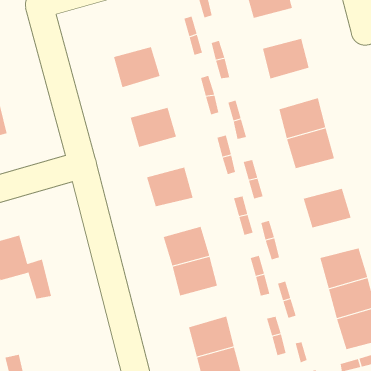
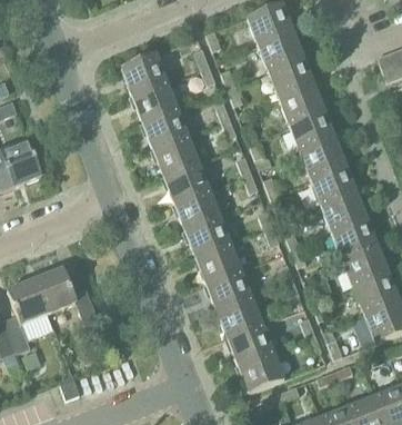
building: none -> [258,31,304,71]
building: none -> [121,52,167,93]
building: none -> [279,85,325,126]
building: none -> [143,107,188,148]
building: none -> [164,161,209,201]
building: none -> [311,166,356,206]
building: none -> [185,216,230,255]
building: none -> [332,219,378,259]
building: none -> [217,295,262,336]

